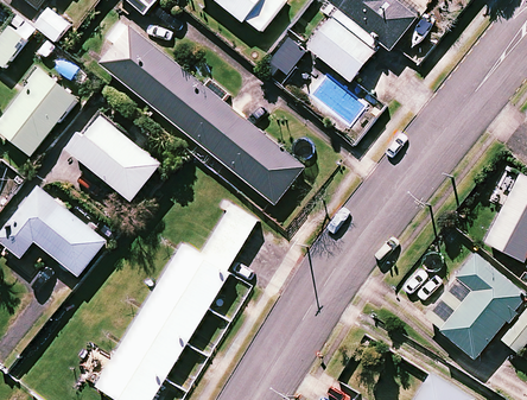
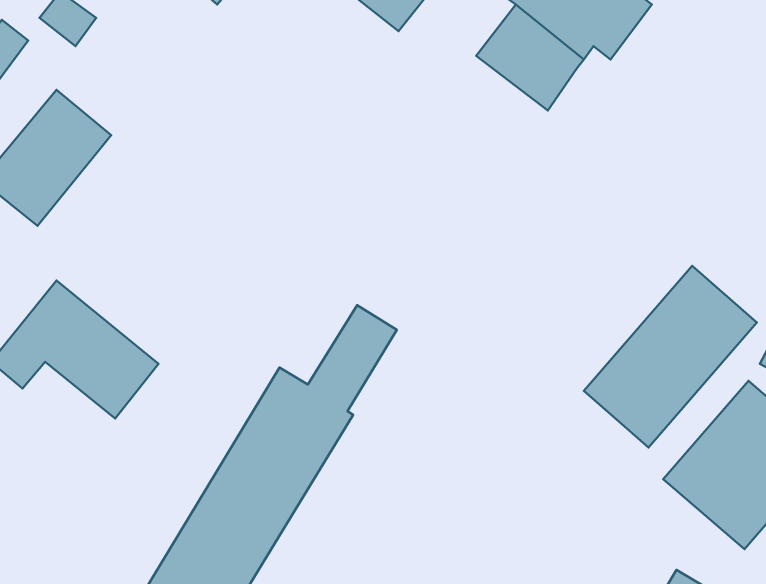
building: [99,21,303,204] -> none
building: [71,114,164,202] -> none
building: none -> [584,266,757,448]

